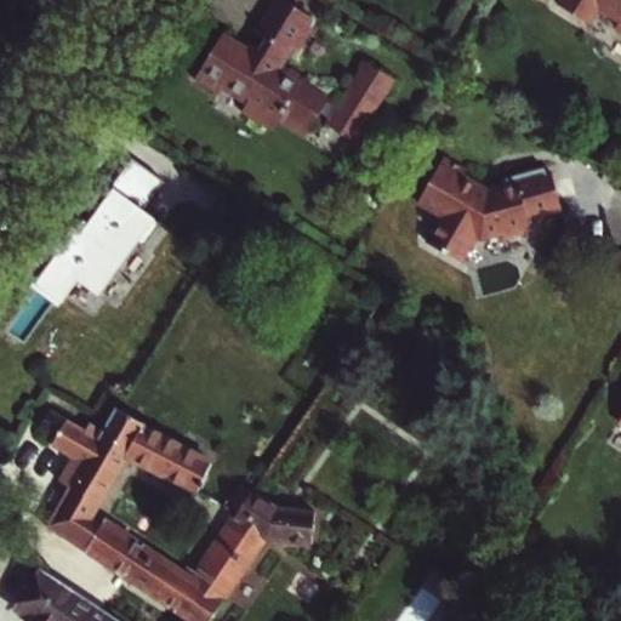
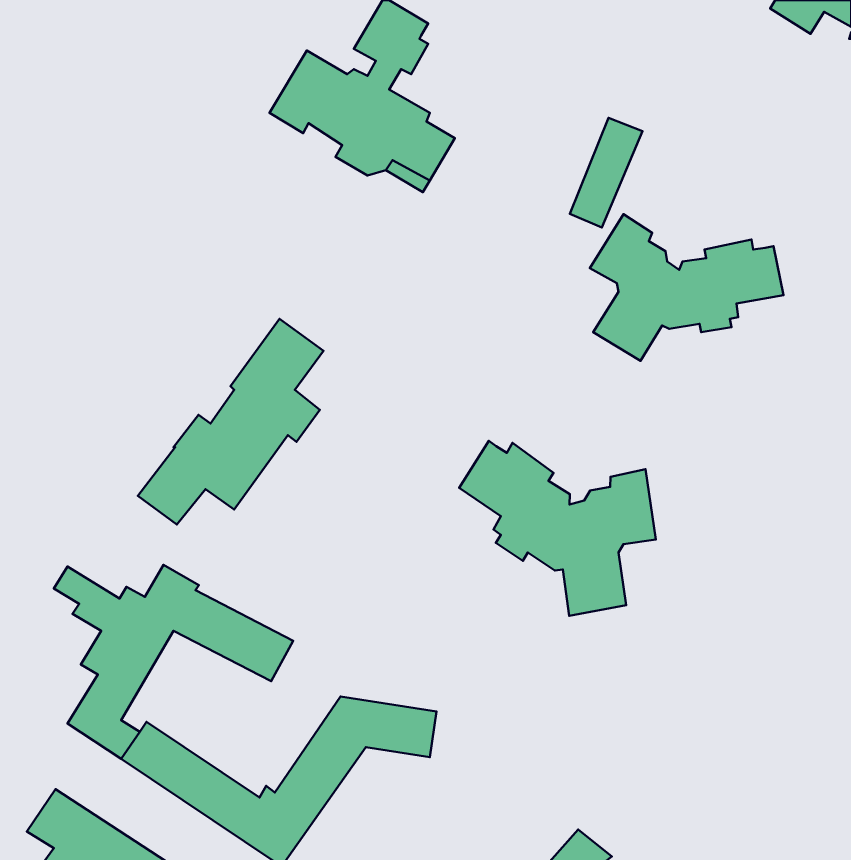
building: [336,65,388,144] -> [570,118,642,227]
building: [23,160,156,308] -> [138,319,323,525]
building: none -> [459,441,656,616]

